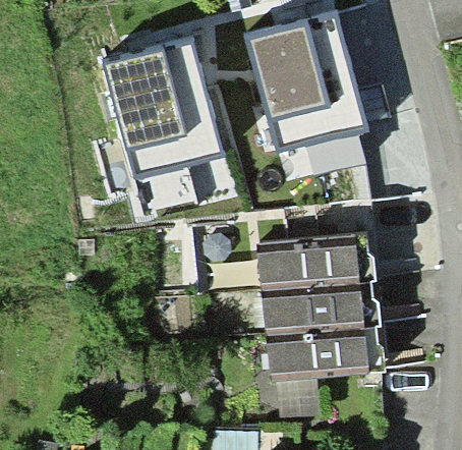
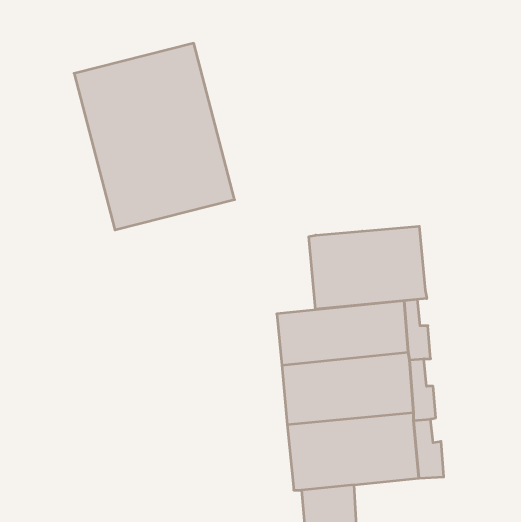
building: [243,10,368,155] -> none
building: none -> [309,226,427,309]

